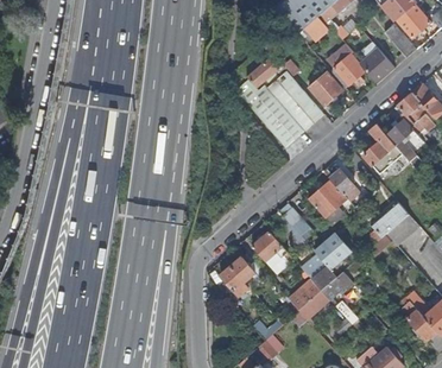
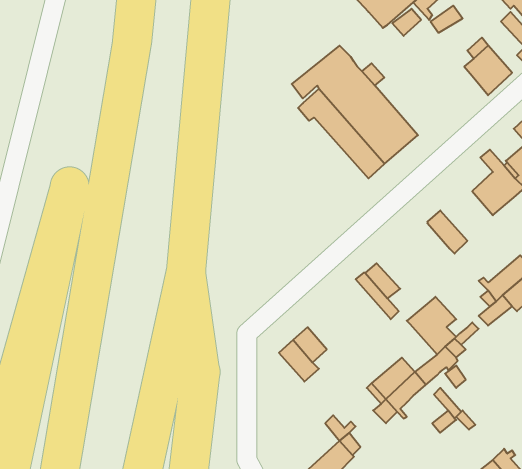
building: [333,49,364,85] -> none
building: [308,74,342,107] -> none
building: [309,179,347,224] -> none
building: [252,231,292,261] -> none
building: [302,254,337,290] -> none

